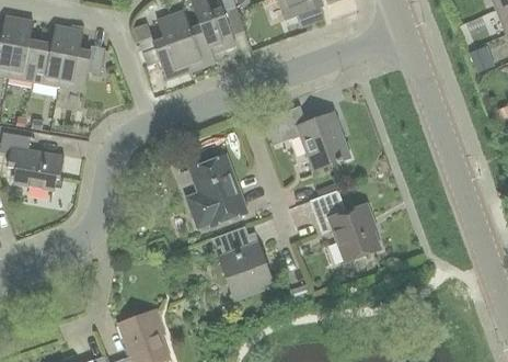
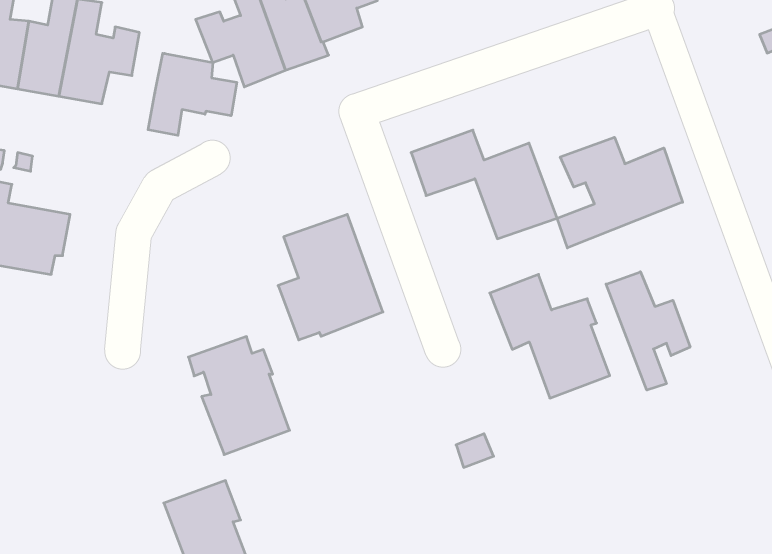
building: none -> [148,53,237,135]
building: none -> [557,137,683,248]
building: none -> [606,272,690,390]
building: [211,225,270,294] -> [188,337,290,455]

